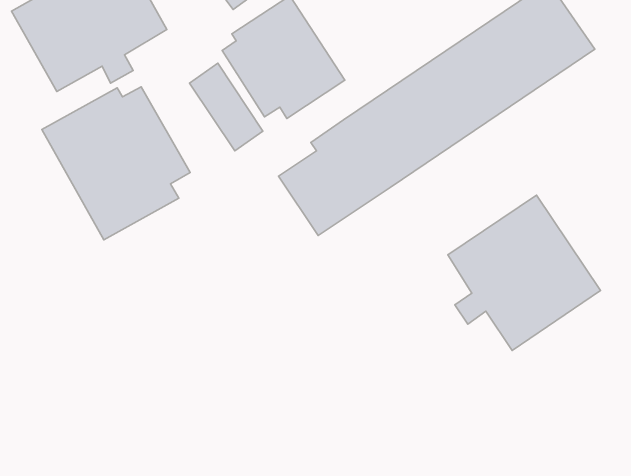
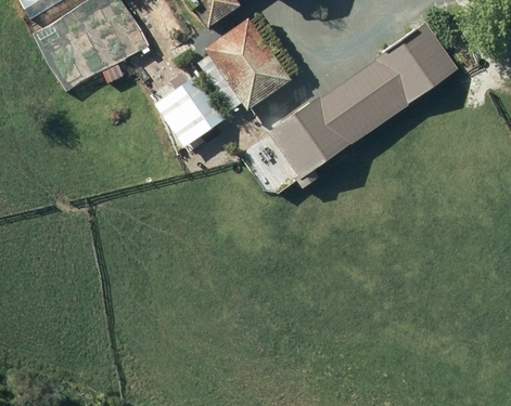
building: [42,87,190,240] -> none
building: [448,195,601,350] -> none

